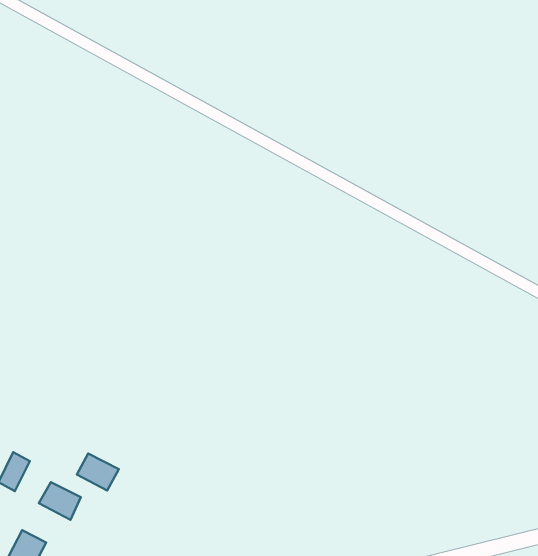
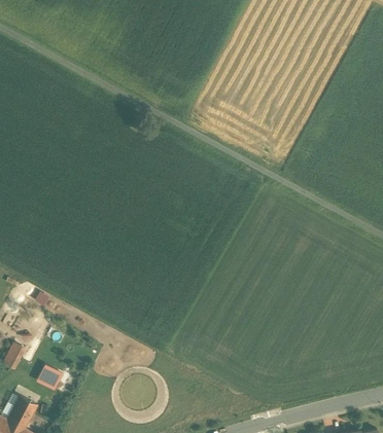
building: [77,453,119,490] -> none

